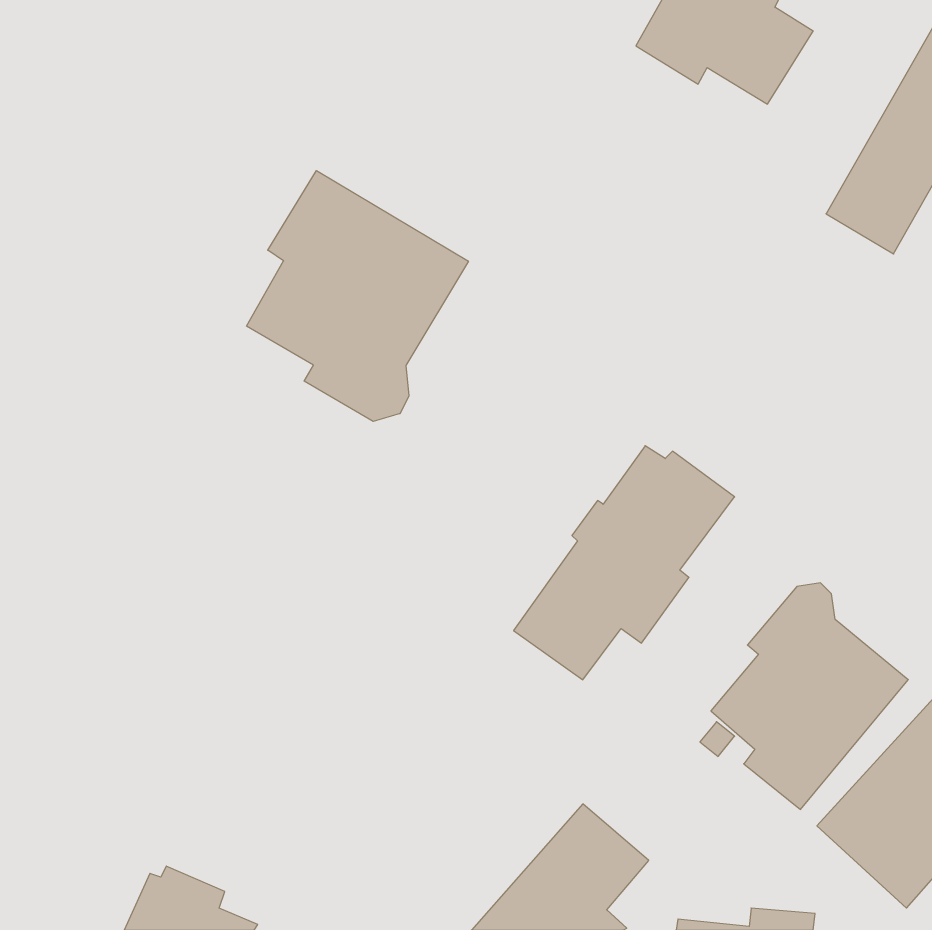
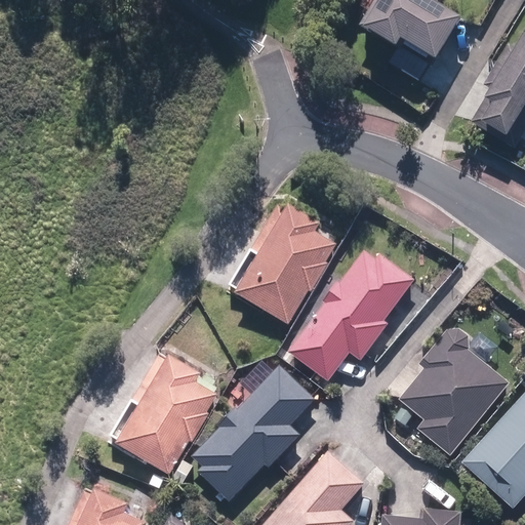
building: [247,171,468,421] -> none
building: none -> [235,202,333,323]
building: none -> [117,351,216,473]
building: none -> [193,365,316,501]

